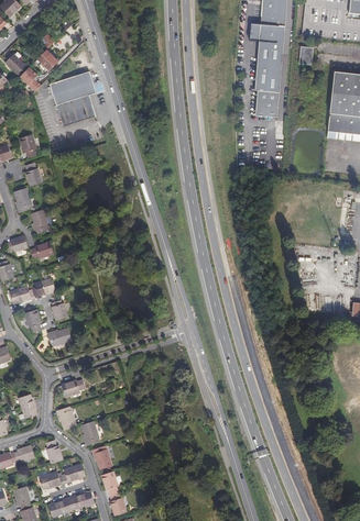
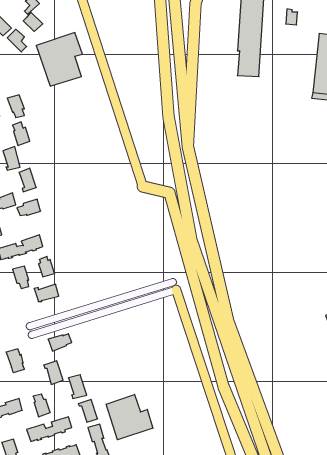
building: none -> [106,394,153,440]

